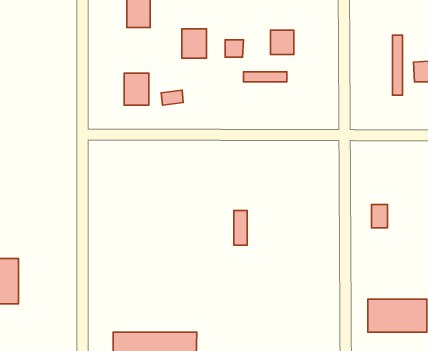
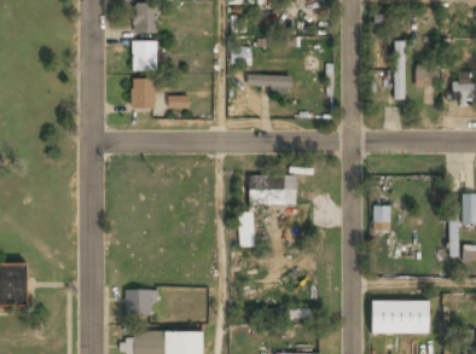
building: [182,29,206,58] -> [133,42,157,71]
building: [270,30,294,55] -> none
building: none -> [249,176,296,207]
building: none -> [126,290,152,315]

